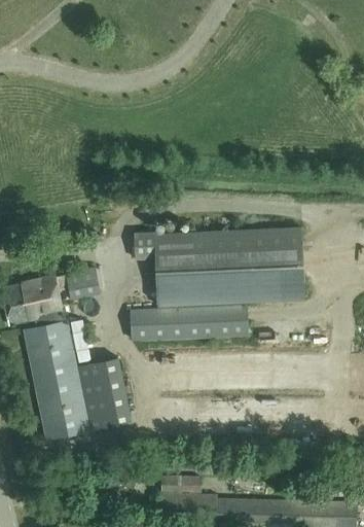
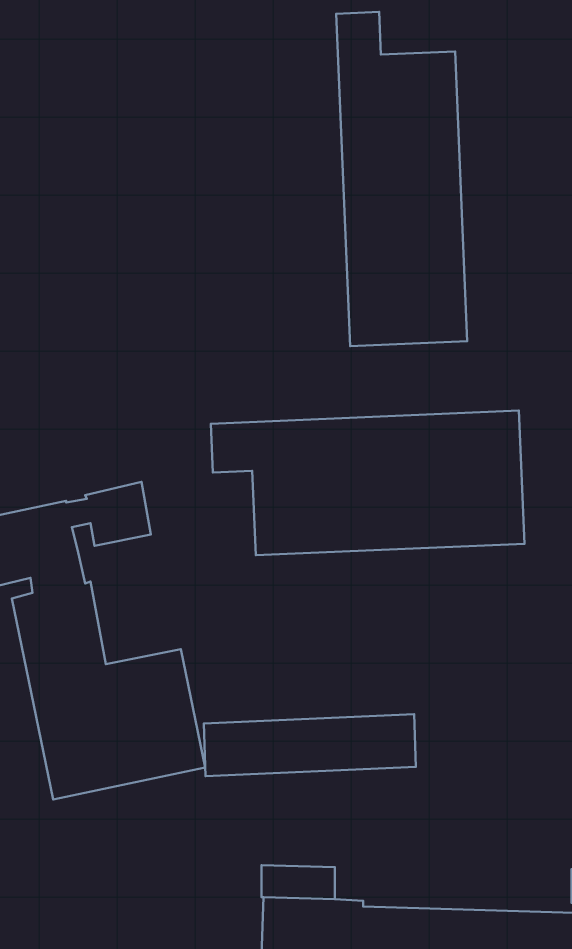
building: none -> [336,12,467,346]
building: [130,306,246,340] -> [204,714,416,776]

